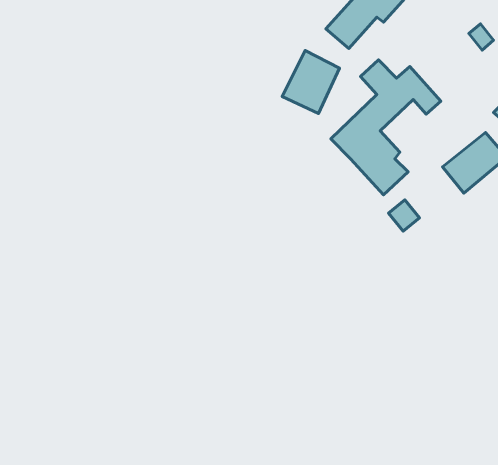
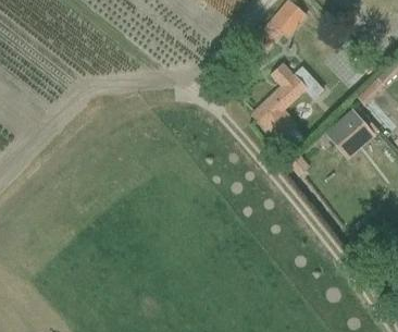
building: [282,51,340,114] -> none

